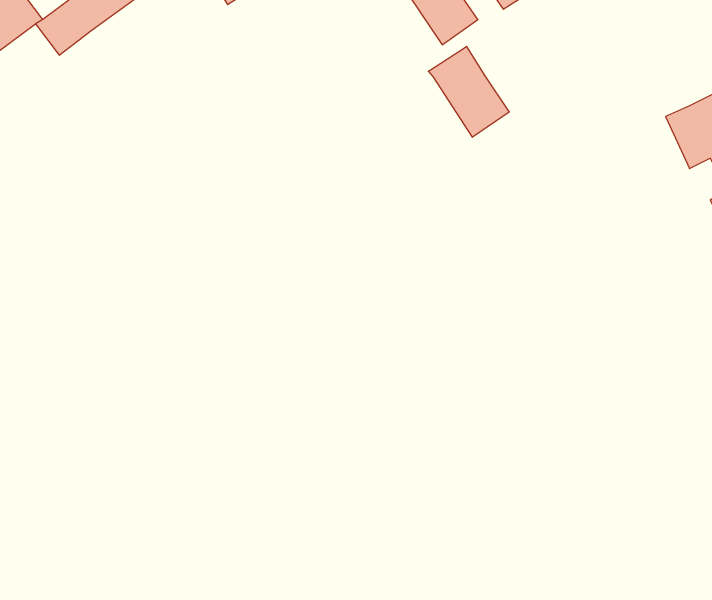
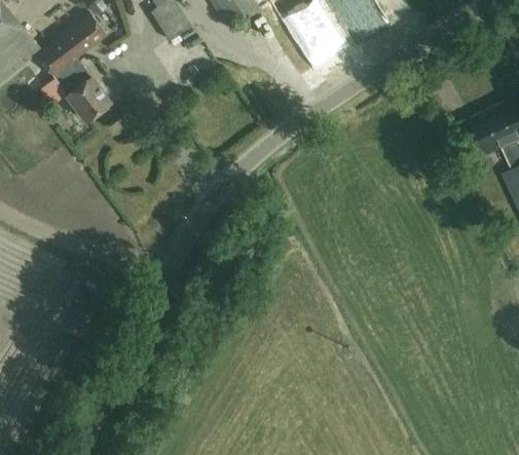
building: none -> [52,56,110,119]
building: [428,46,509,137] -> none

